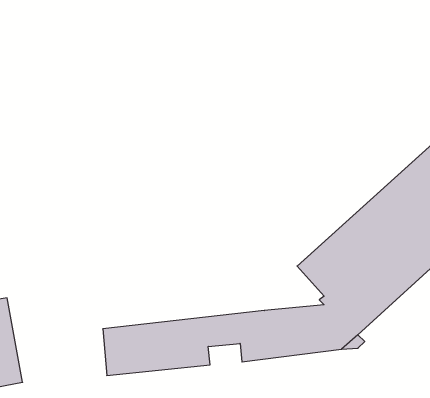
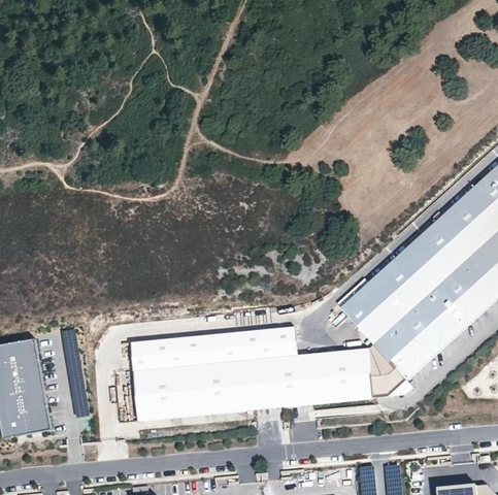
building: none -> [130,320,306,372]
building: none -> [246,388,283,410]

